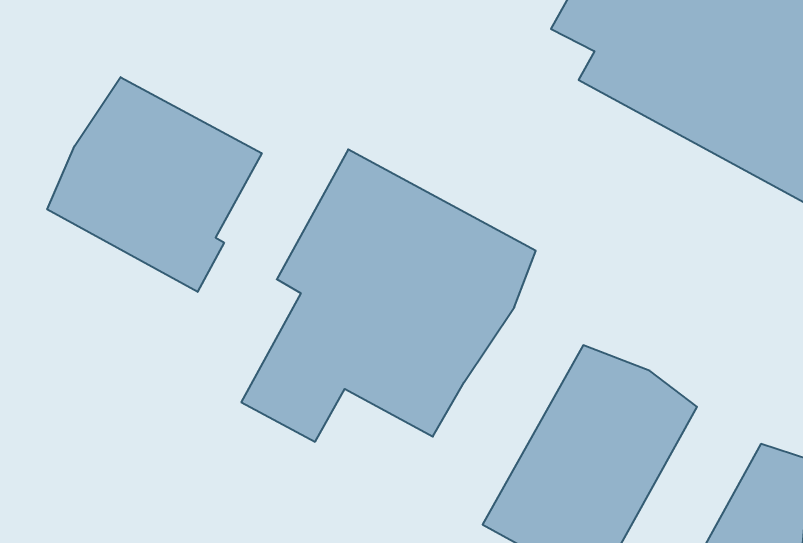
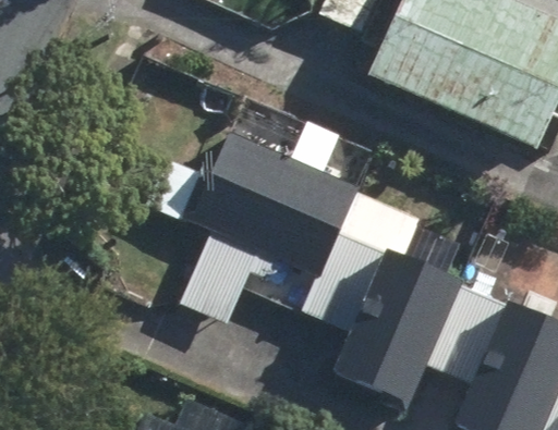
building: [47,77,262,292] -> none

